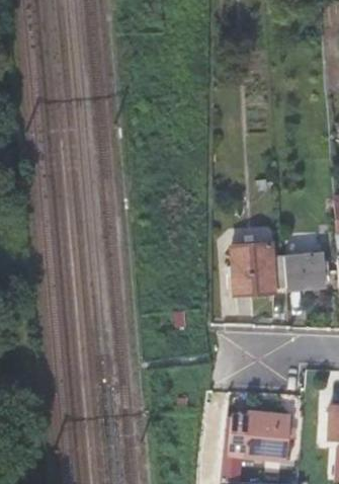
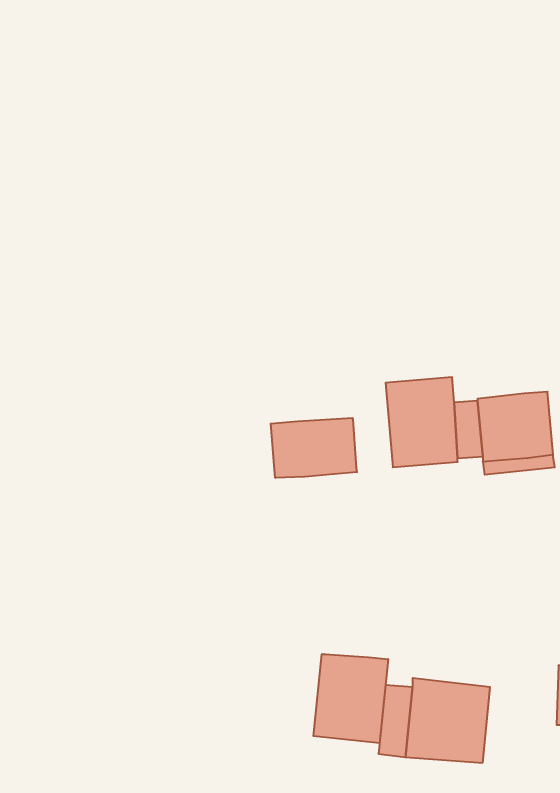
building: none -> [271,418,357,478]
building: none -> [313,654,388,743]

